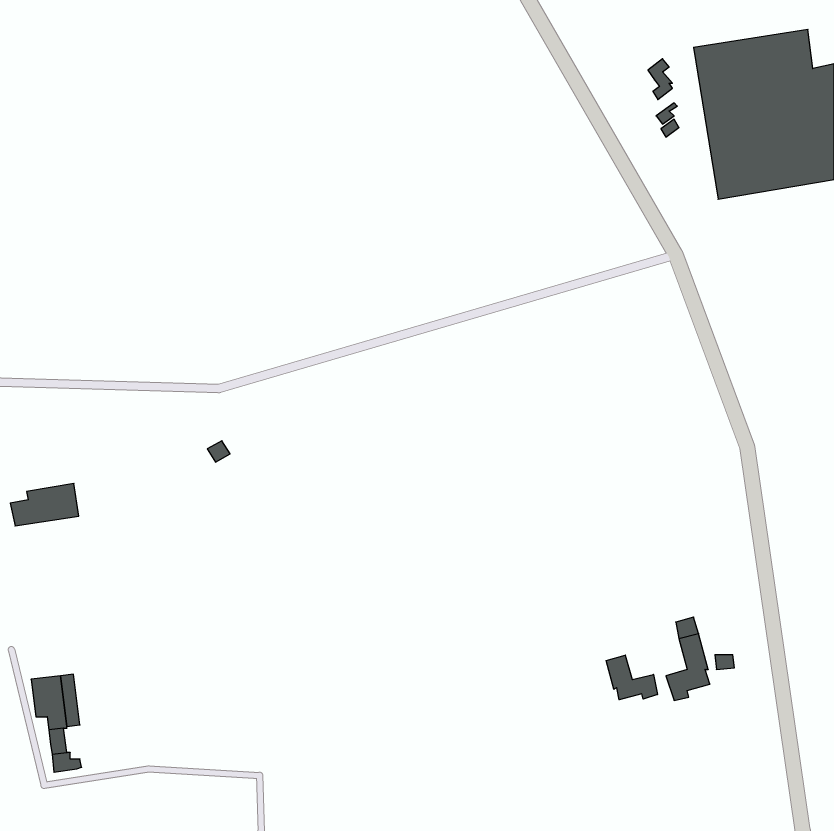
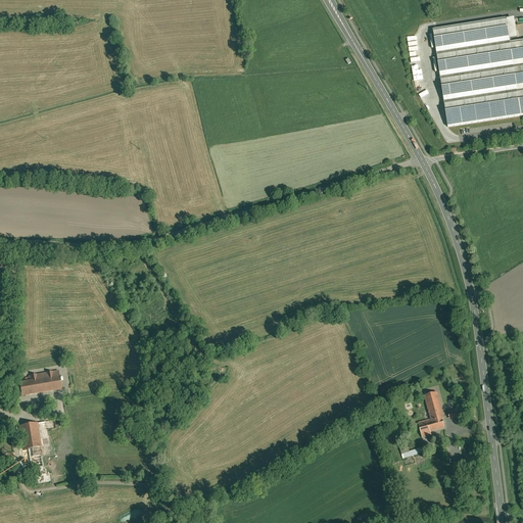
building: [10,483,79,526] -> [18,370,61,396]
building: [606,655,657,700] -> none

